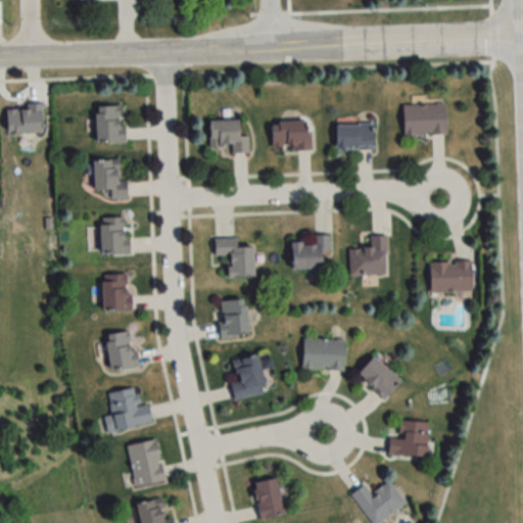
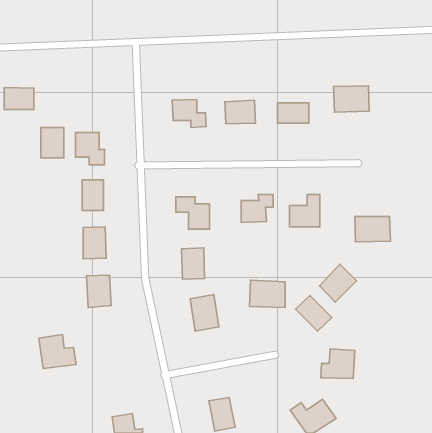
building: [96,106,124,143] -> [41,127,64,158]
building: none -> [319,264,356,302]
building: [107,388,152,429] -> [39,335,76,369]
building: [128,439,163,485] -> none

